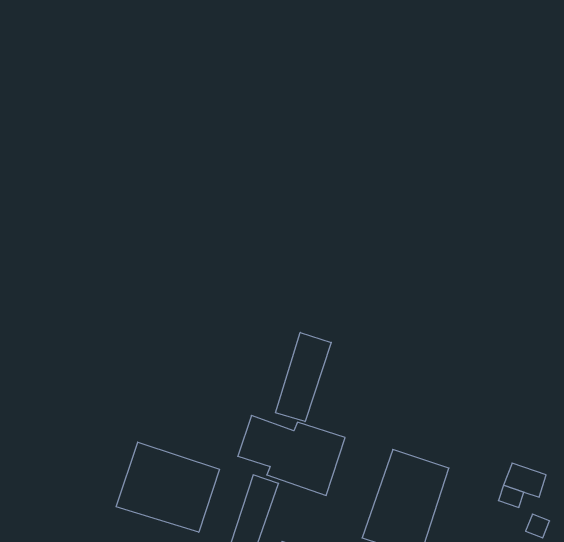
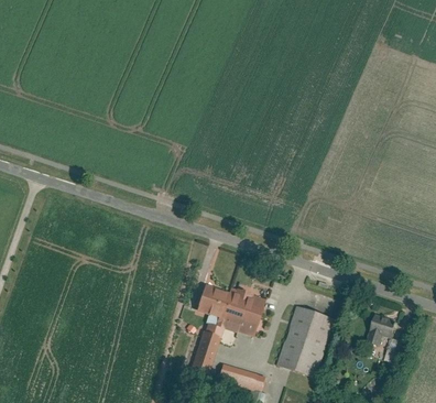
building: [276,332,331,422] -> none
building: [116,442,219,532] -> none

